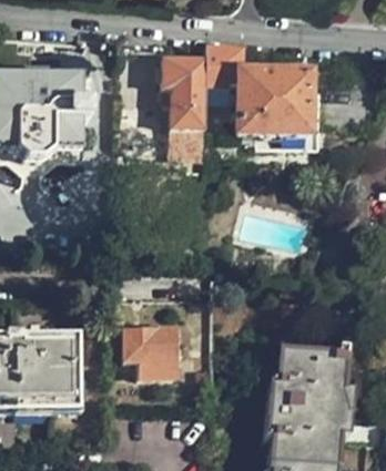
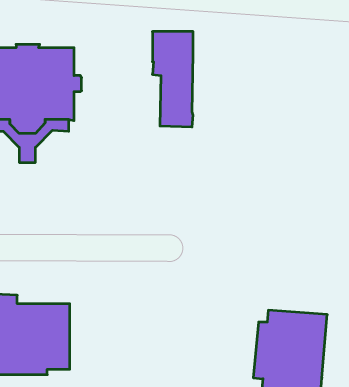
building: [206,45,311,132] -> none
building: [112,325,179,376] -> none

